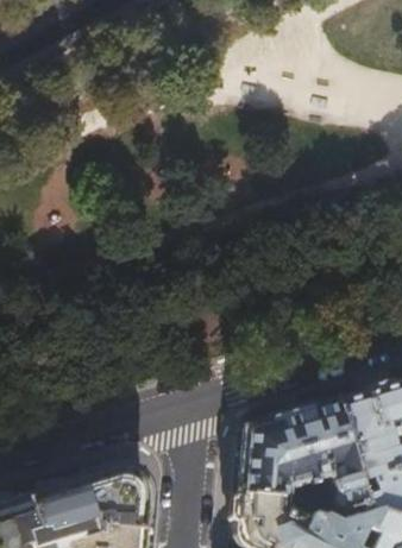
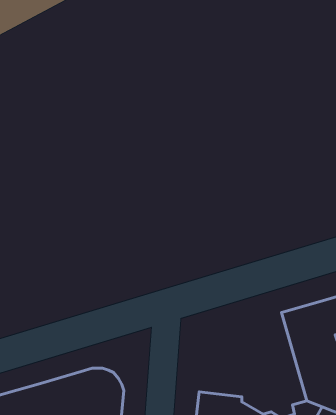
building: [241,399,368,509] -> none

